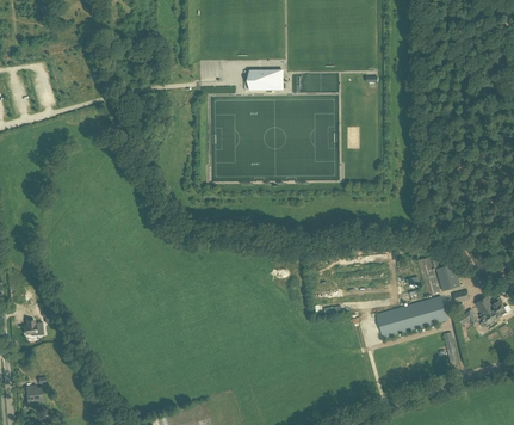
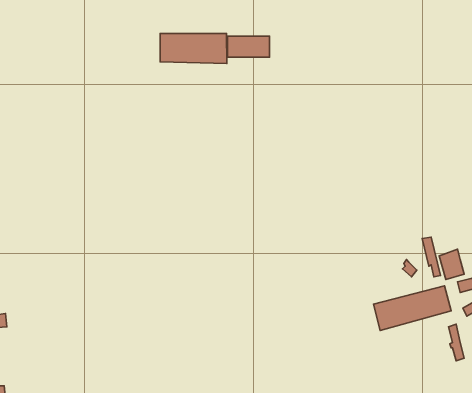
building: none -> [160,34,227,63]

